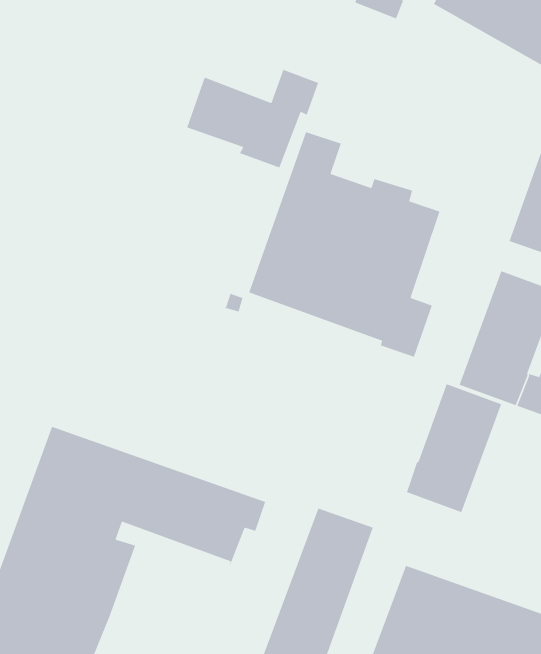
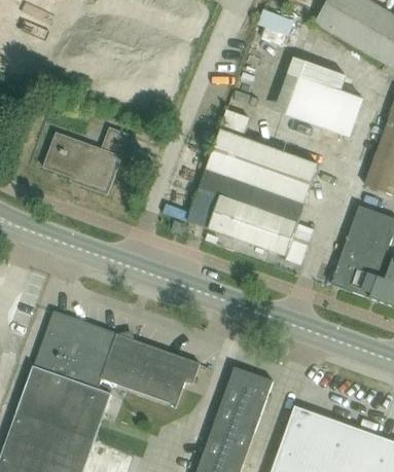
building: none -> [286,62,363,138]
building: [186,69,319,169] -> [43,128,134,195]
building: [406,383,502,513] -> none

